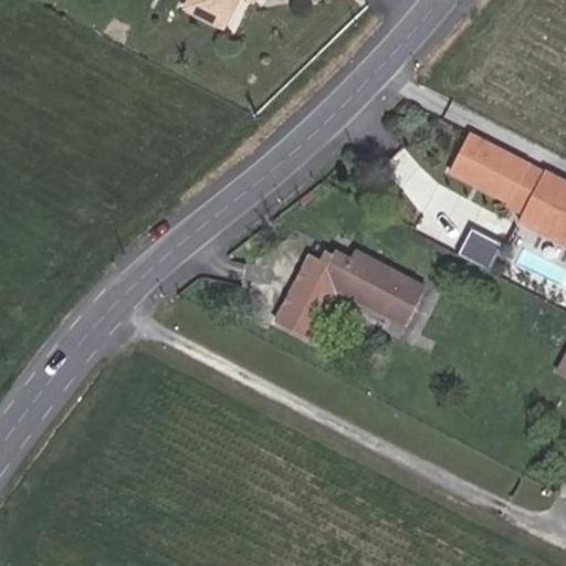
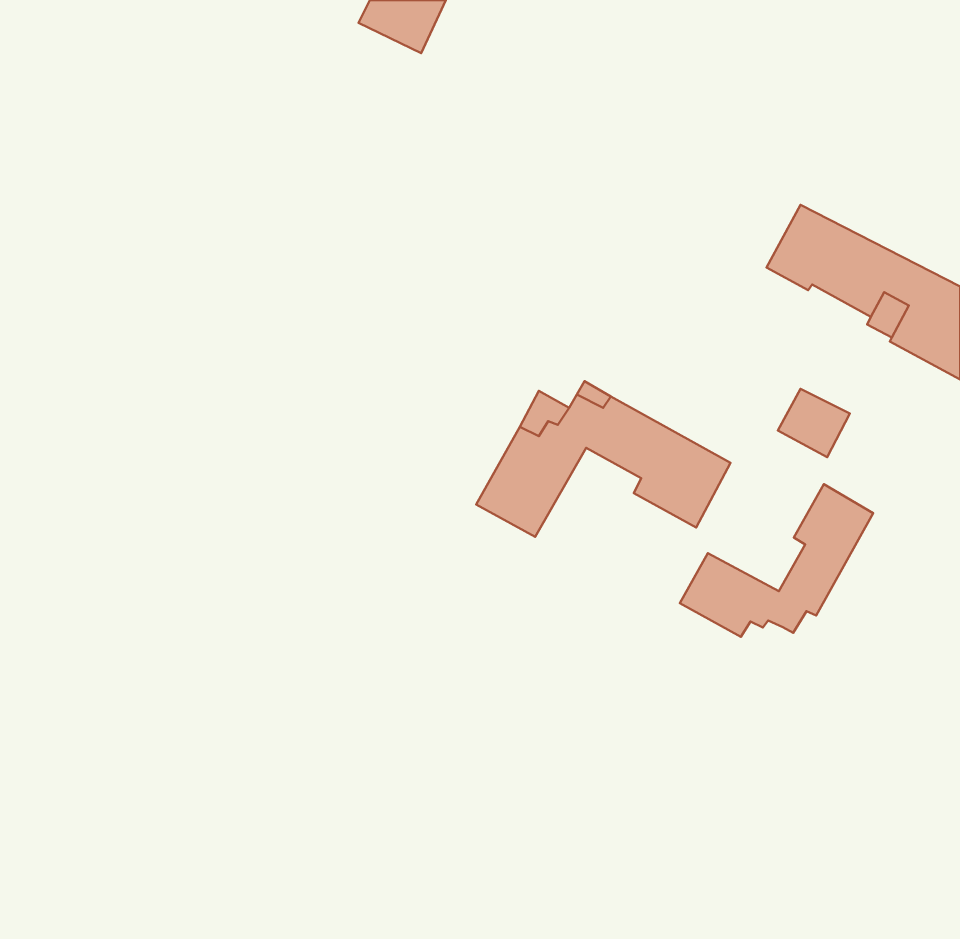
building: none -> [680,484,873,637]

